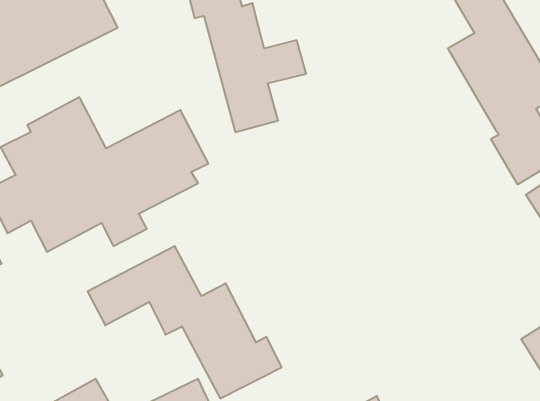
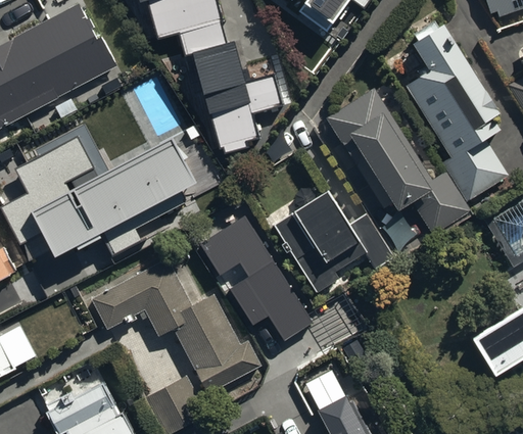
building: none -> [327,88,469,234]
building: none -> [274,187,394,294]
building: none -> [199,216,315,344]

